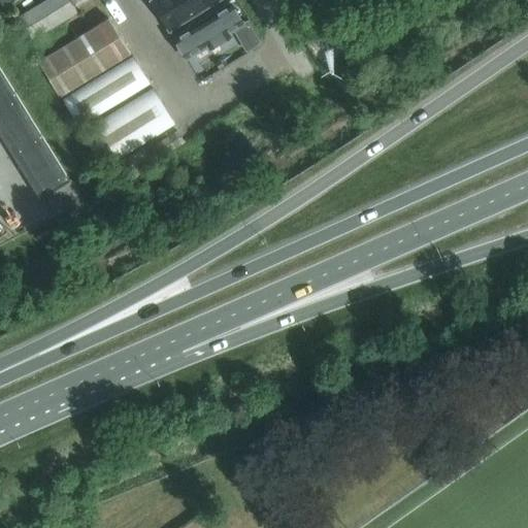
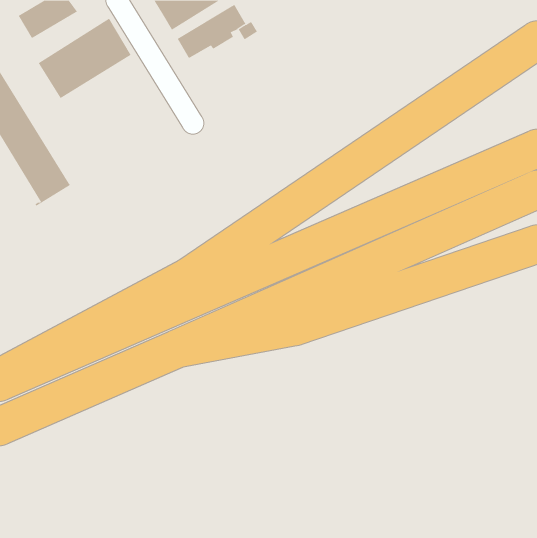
building: [61,56,148,126] -> none
building: [80,88,173,167] -> none

